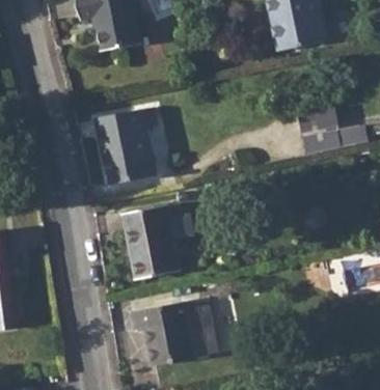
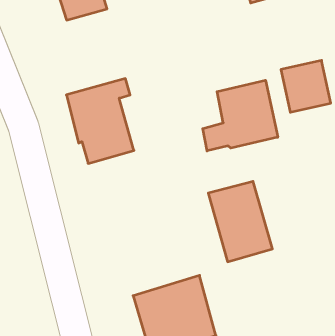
building: none -> [203,80,278,151]
building: [123,206,178,279] -> [208,181,272,262]

